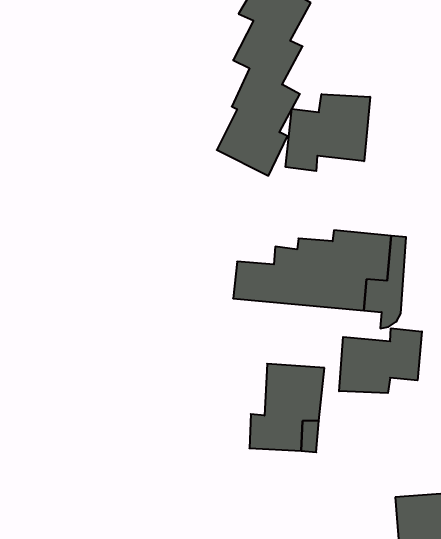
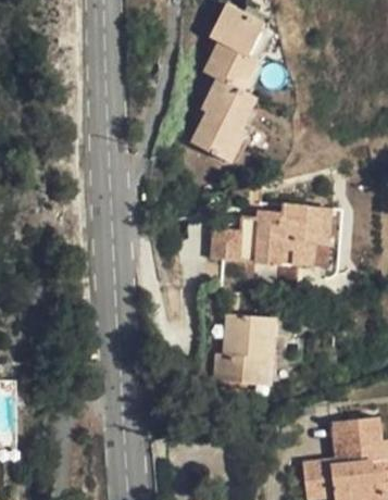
building: [286,94,370,171] -> none
building: [339,328,422,393] -> none

